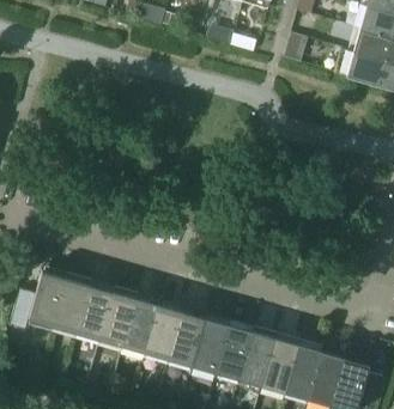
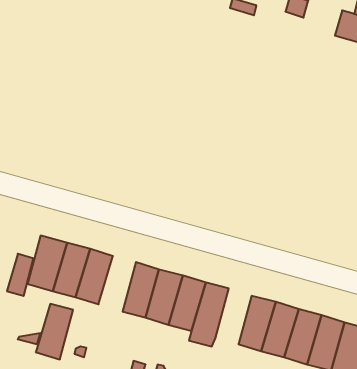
building: [99,292,137,347] -> [36,304,73,359]
building: [216,324,251,379] -> none

